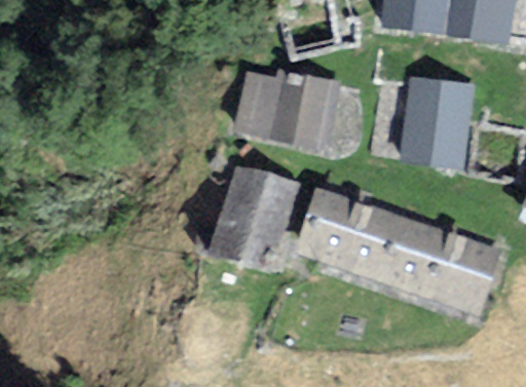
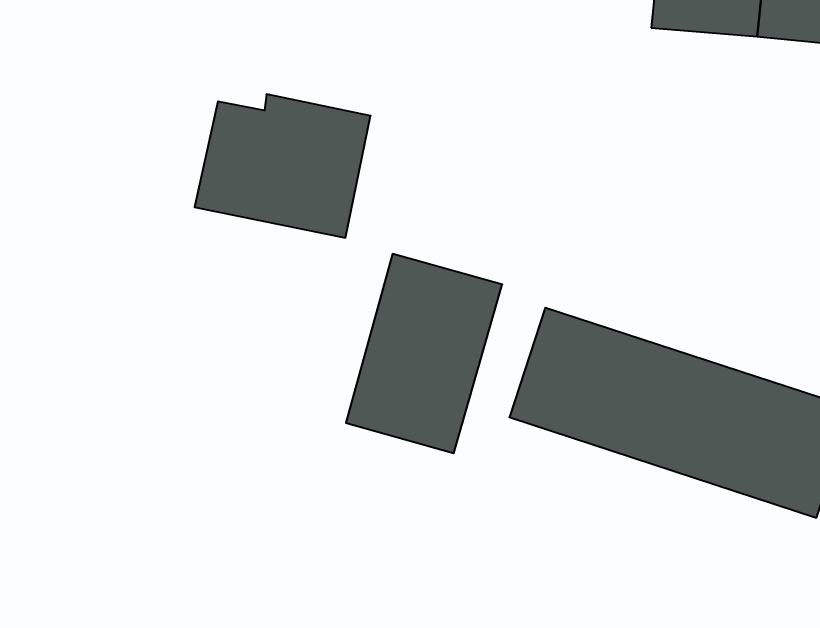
building: [237,67,338,149] -> [195,94,371,238]
building: [401,74,475,173] -> none

